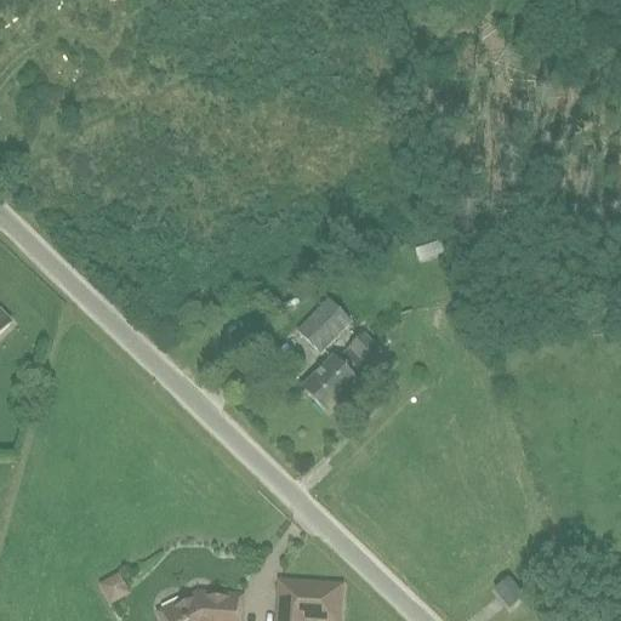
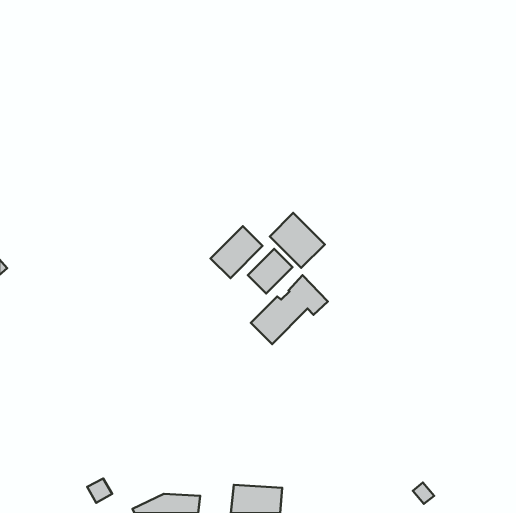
building: none -> [270,213,325,268]
building: none -> [211,226,263,278]

